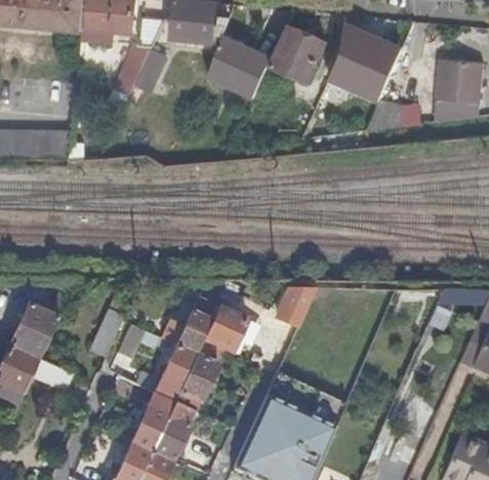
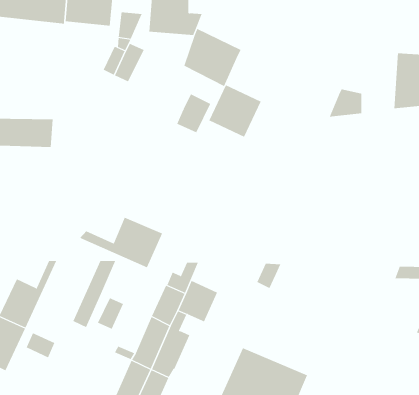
building: [269,25,326,82] -> [208,84,262,137]
building: [347,38,400,90] -> none
building: none -> [176,94,211,133]
building: none -> [79,217,163,268]

